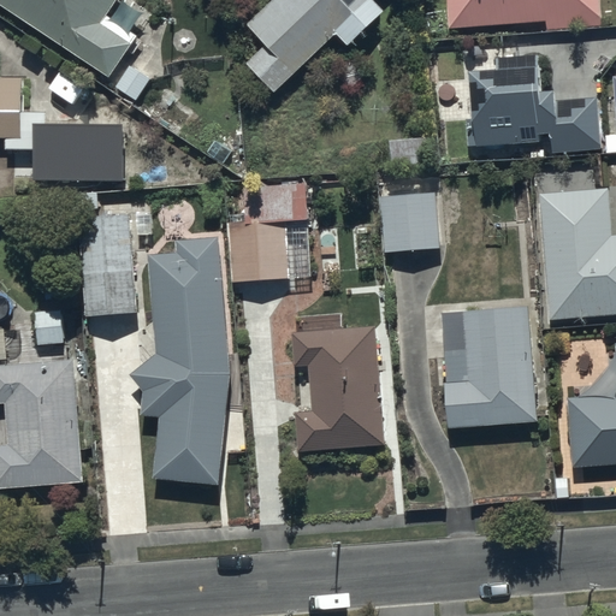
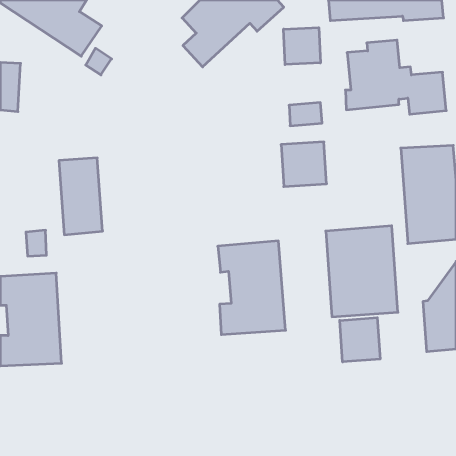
building: none -> [284,28,320,65]
building: [34,124,125,179] -> none
building: [226,184,313,282] -> none
building: [131,236,229,482] -> none
building: none -> [340,318,380,362]

